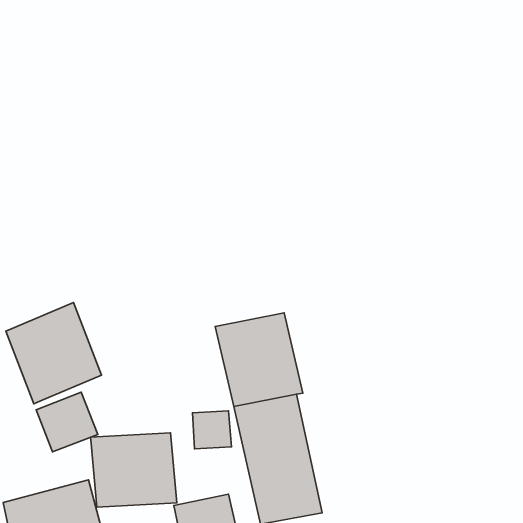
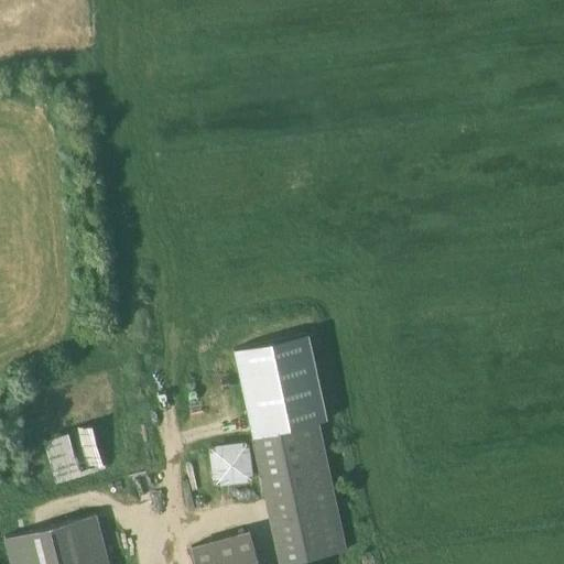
building: [6,303,101,404] -> none
building: [90,433,177,507] -> none

